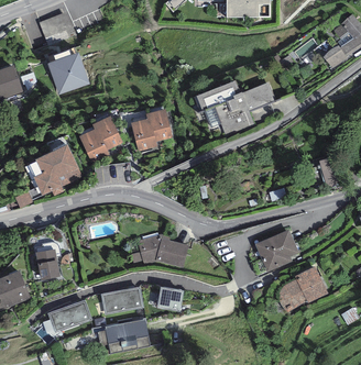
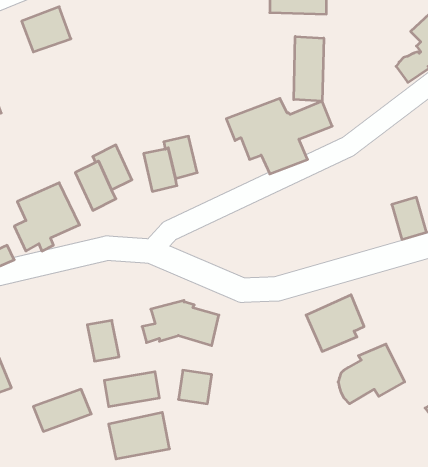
building: none -> [294,36,324,101]
building: [47,52,89,95] -> none
building: [35,248,59,279] -> [87,320,119,361]

